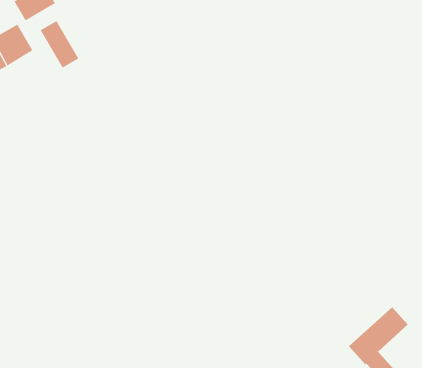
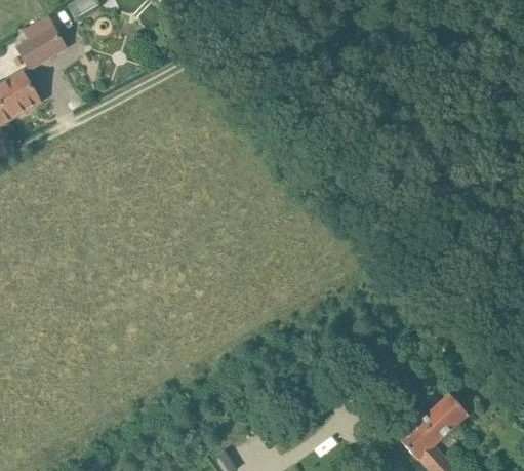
building: [40,20,79,69] -> none

